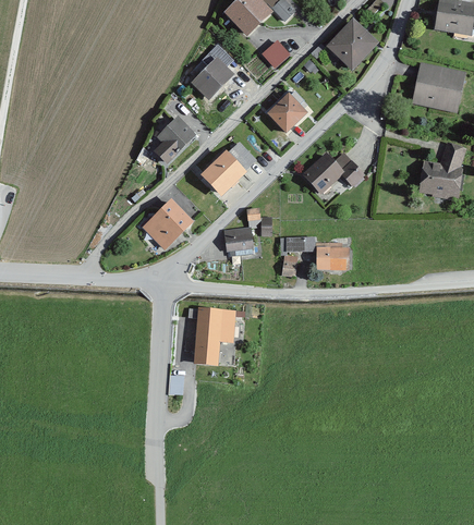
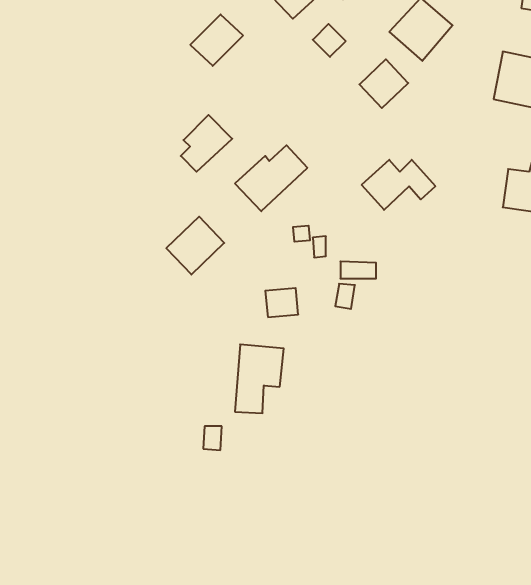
building: [191,57,234,99] -> [190,14,243,66]
building: [267,93,307,133] -> [359,59,408,108]
building: [226,225,253,249] -> [265,288,298,317]
building: [317,247,349,270] -> none

